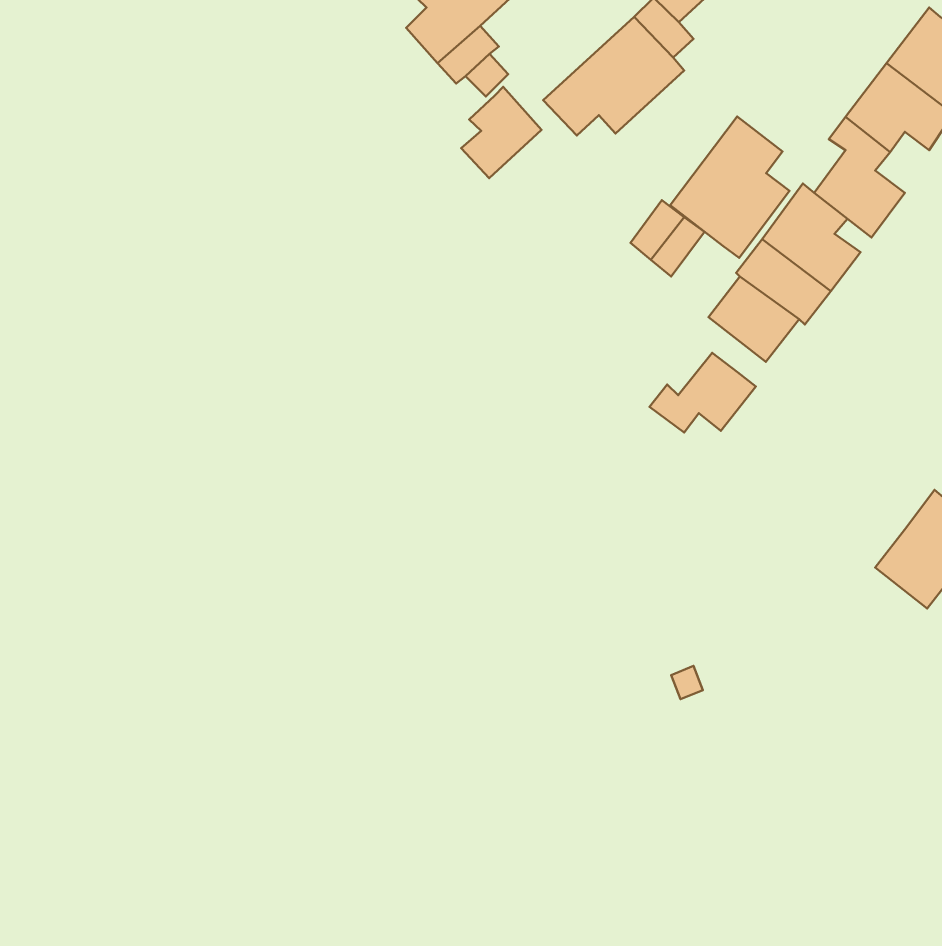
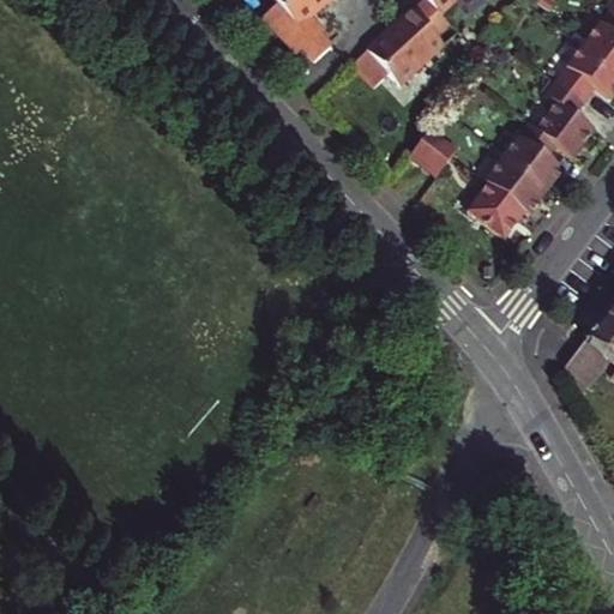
building: [461,87,542,178] -> none
building: [670,117,790,258] -> none
building: [650,353,756,433] -> none

